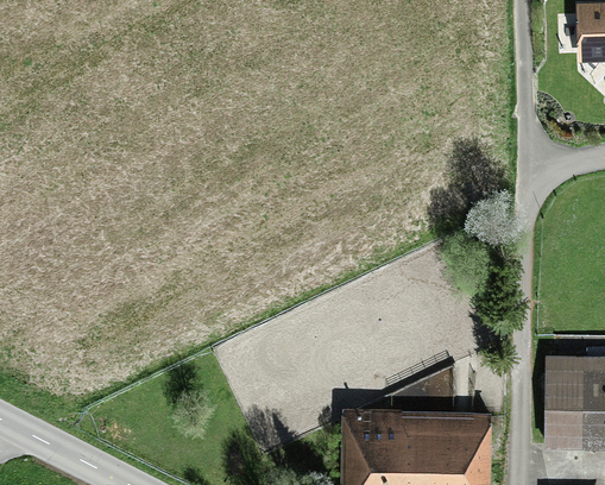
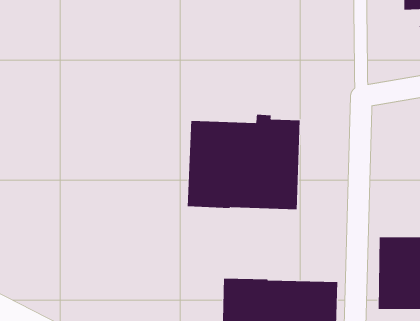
building: none -> [187,114,300,210]

